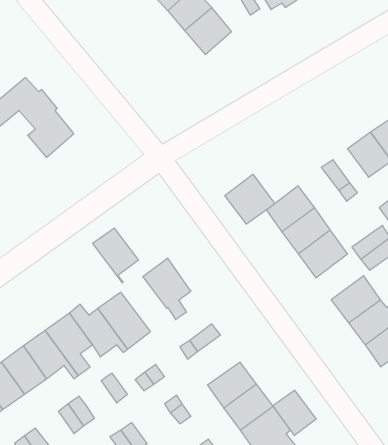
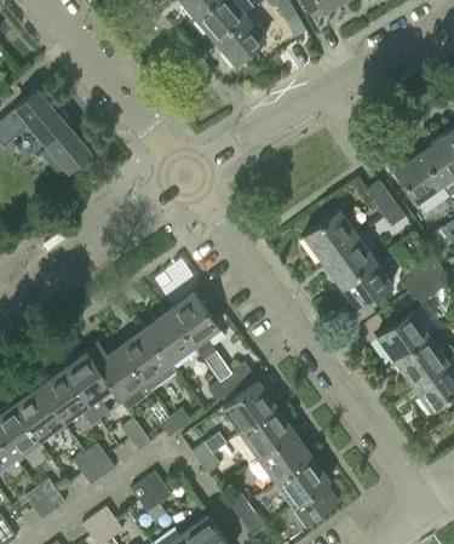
building: [225,174,275,224] -> none
building: [93,228,139,283] -> [143,313,194,373]
building: none -> [222,383,275,433]
building: [273,390,316,436] -> none

